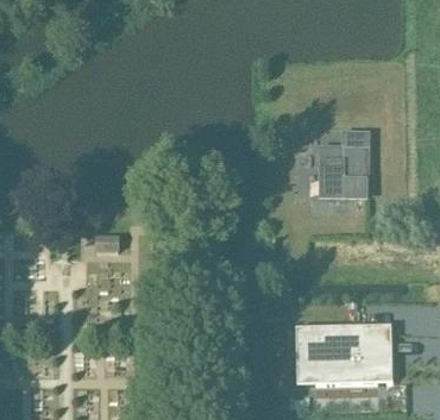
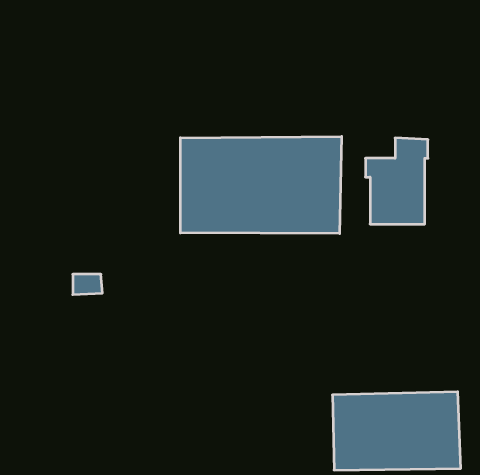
building: none -> [180,136,342,234]

